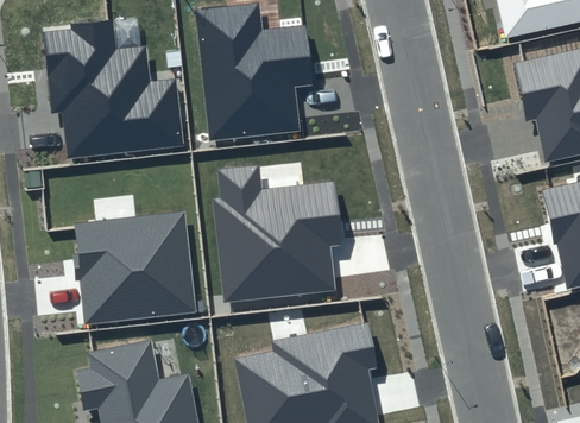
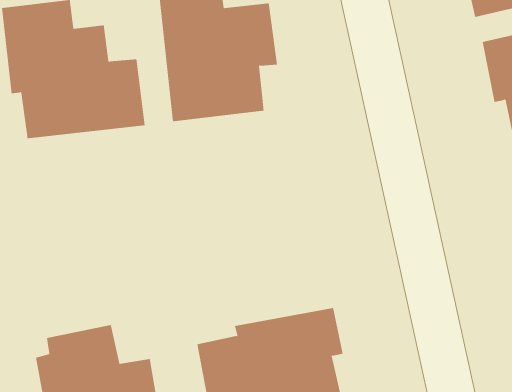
building: [213,165,341,302] -> none
building: [74,210,198,324] -> none

